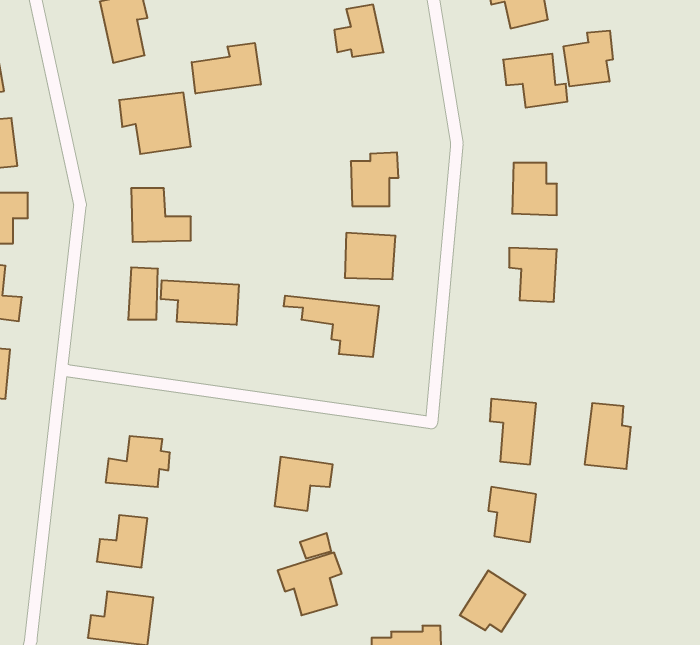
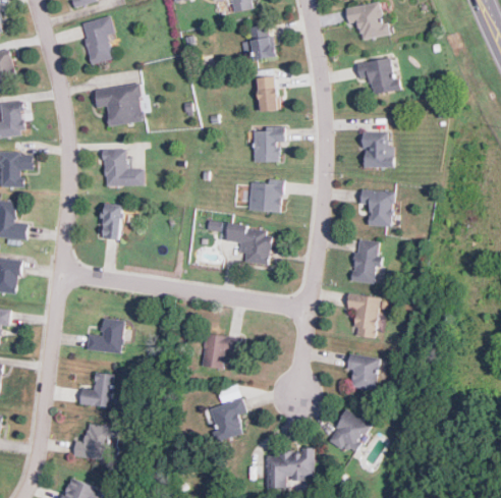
building: [564,31,613,86] -> none
building: [192,43,261,94] -> none
building: none -> [254,76,278,112]
building: [161,280,239,325] -> none
building: [585,403,631,469] -> [351,239,383,284]

